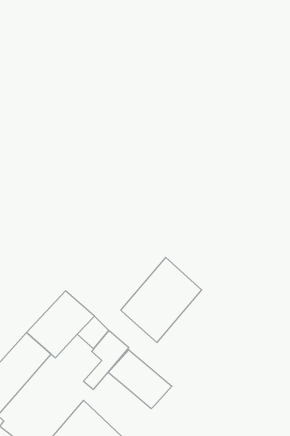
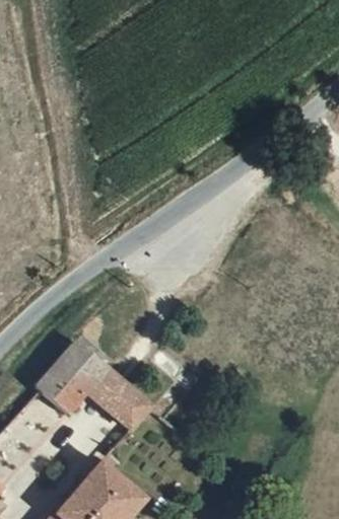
building: [121,257,202,343] -> none
building: [108,350,172,409] -> none

